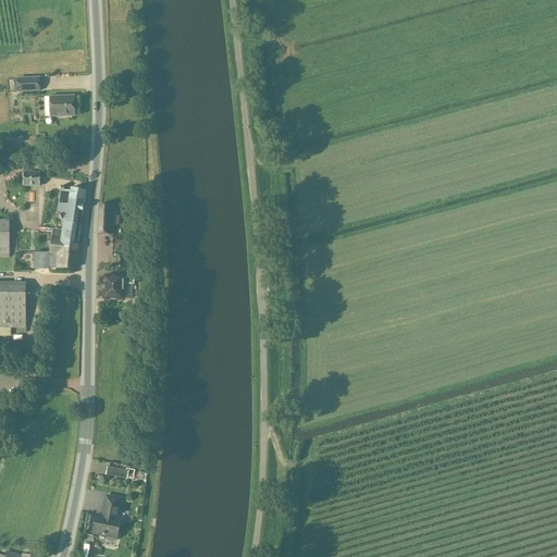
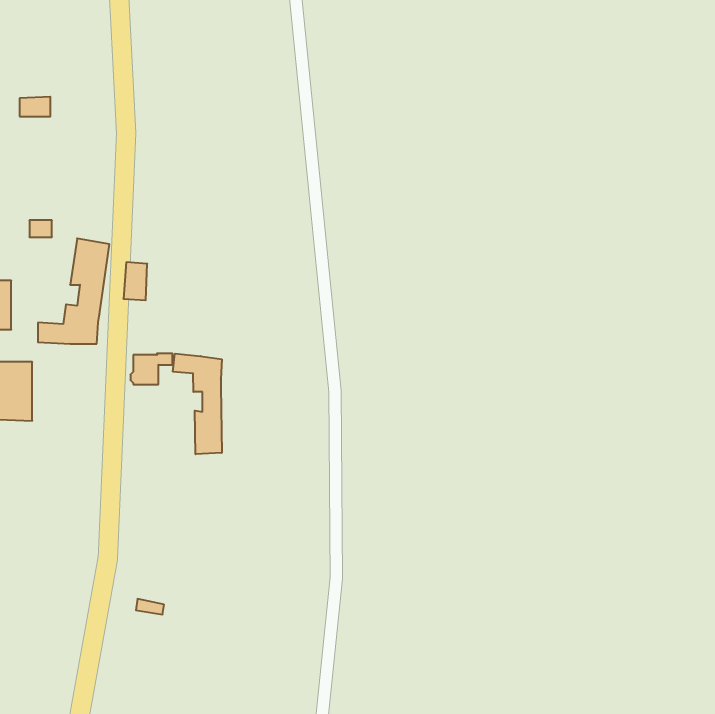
building: [49,95,74,115] -> none
building: none -> [173,354,222,454]
building: [91,494,120,540] -> none

